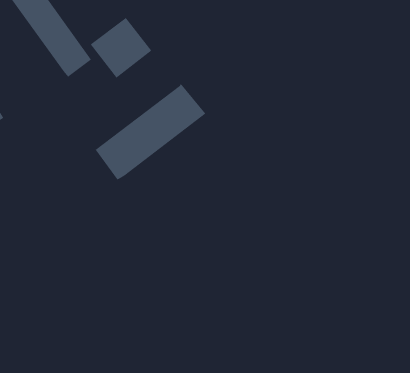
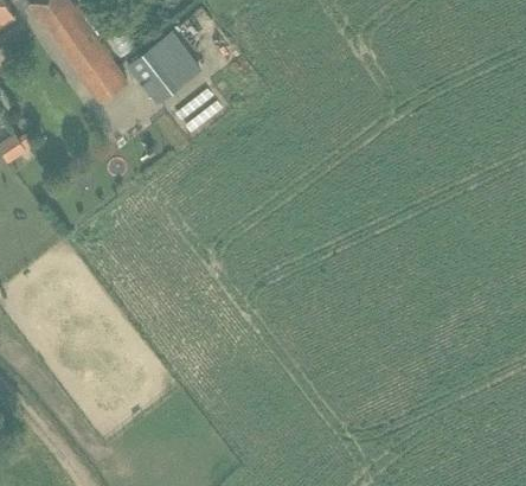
building: [95,83,206,181] -> none

